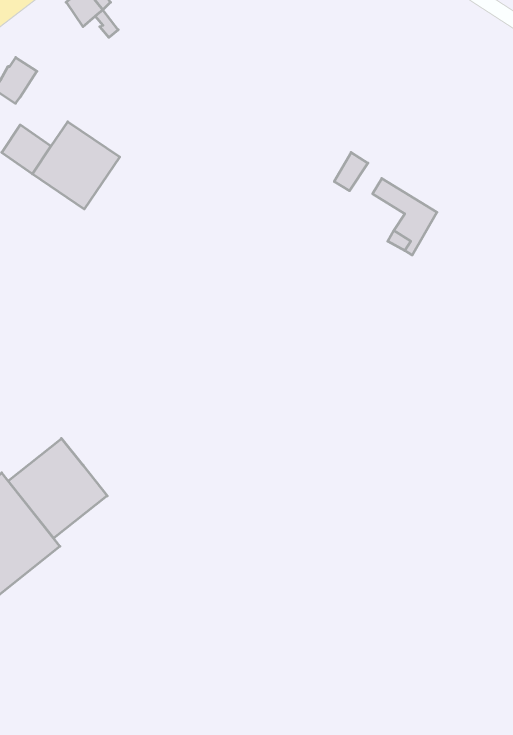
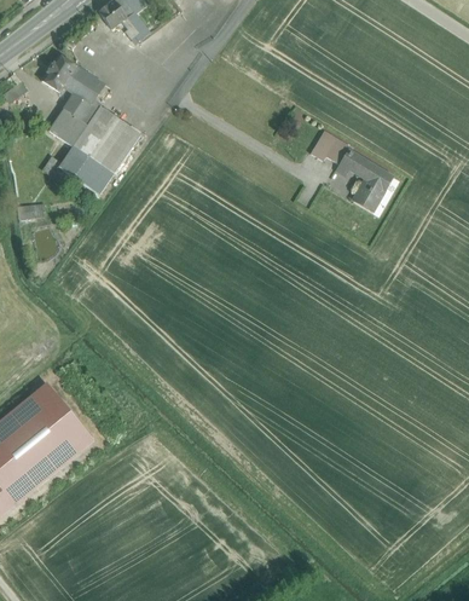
building: none -> [63,65,105,125]
building: none -> [59,146,114,193]
building: [8,438,107,538] -> none

